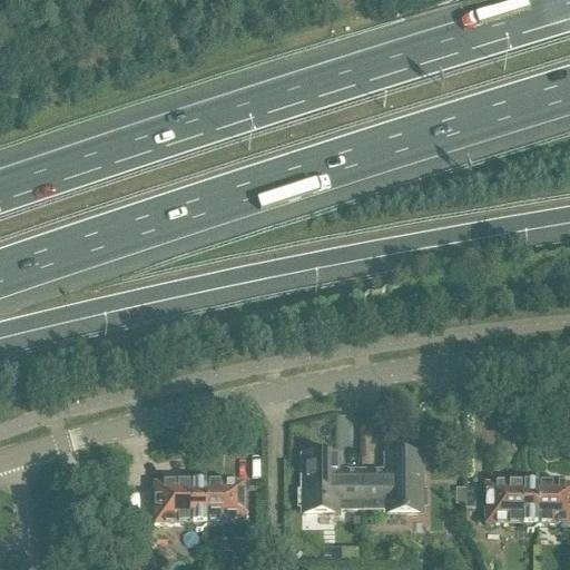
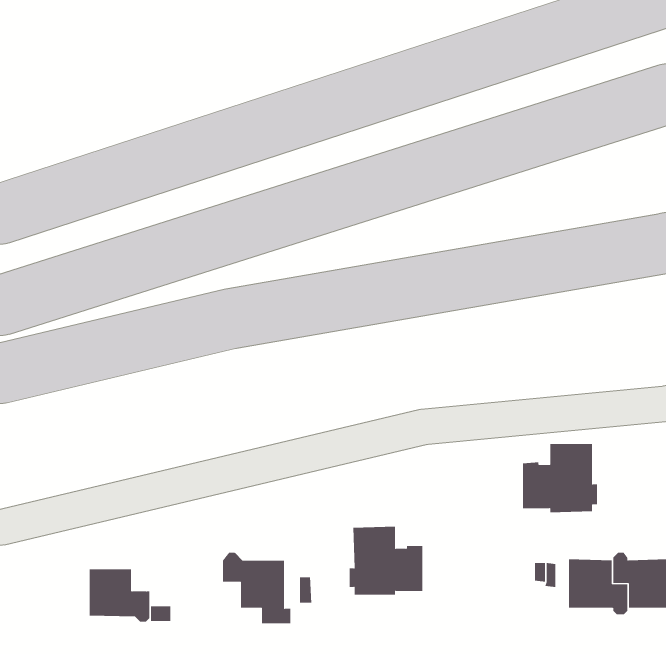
building: [362,449,426,508] -> [522,444,598,513]
building: [154,478,206,523] -> [89,569,150,622]

